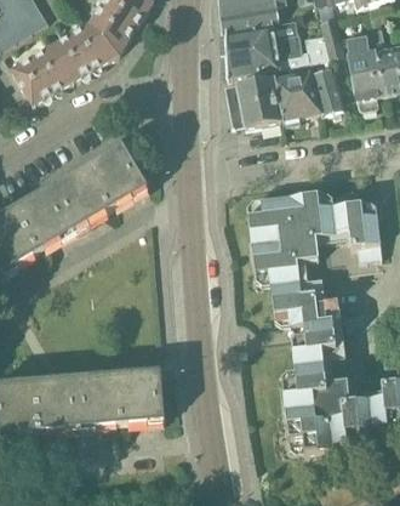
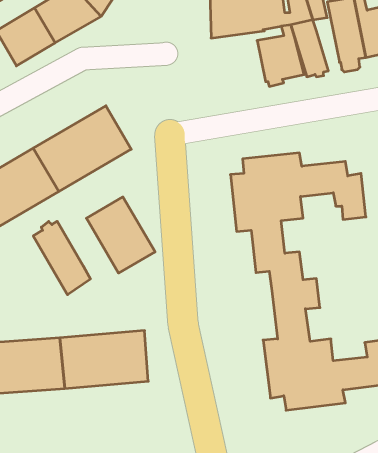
building: [228,76,284,126] -> none
building: none -> [86,197,155,273]
building: none -> [33,221,90,295]

